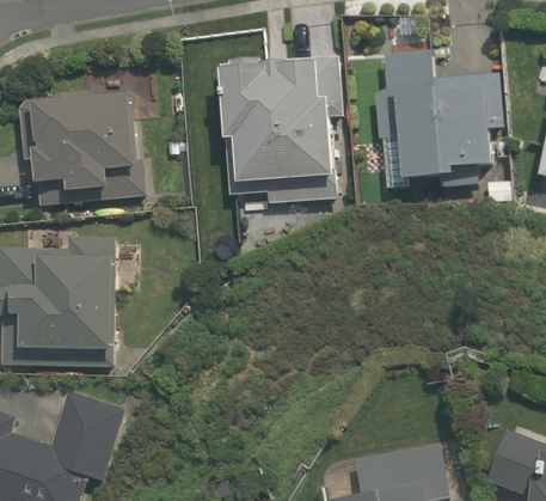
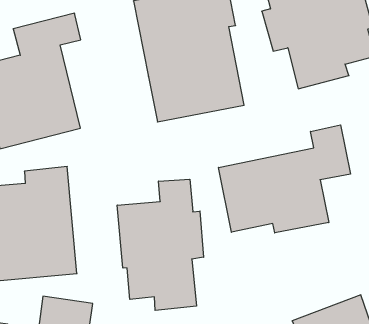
building: none -> [219,125,350,233]
building: none -> [117,179,204,310]

